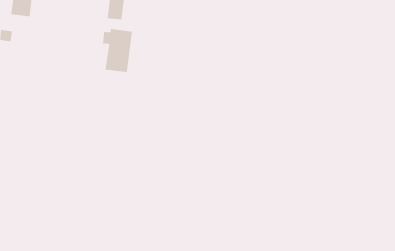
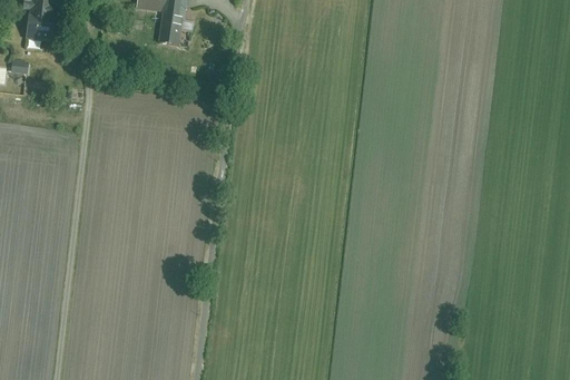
building: [102,28,132,73] -> none

